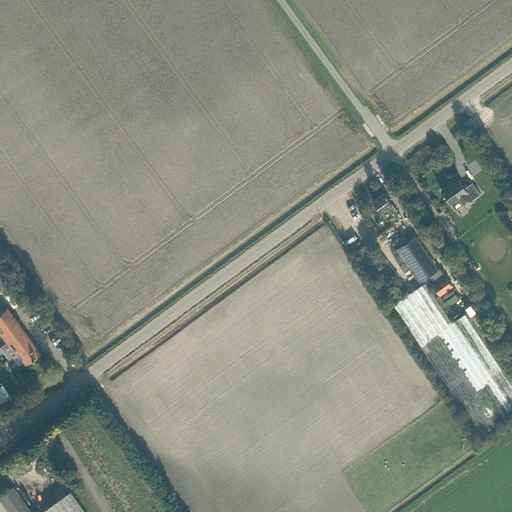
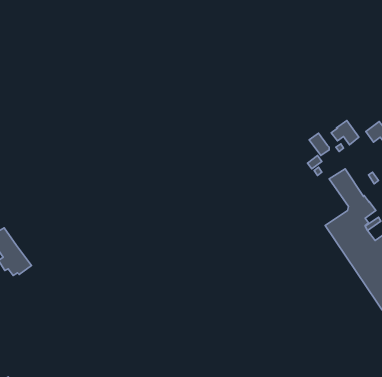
building: none -> [331,121,359,145]

